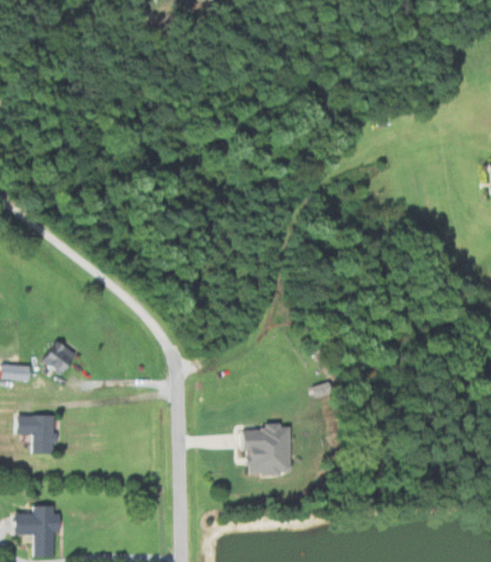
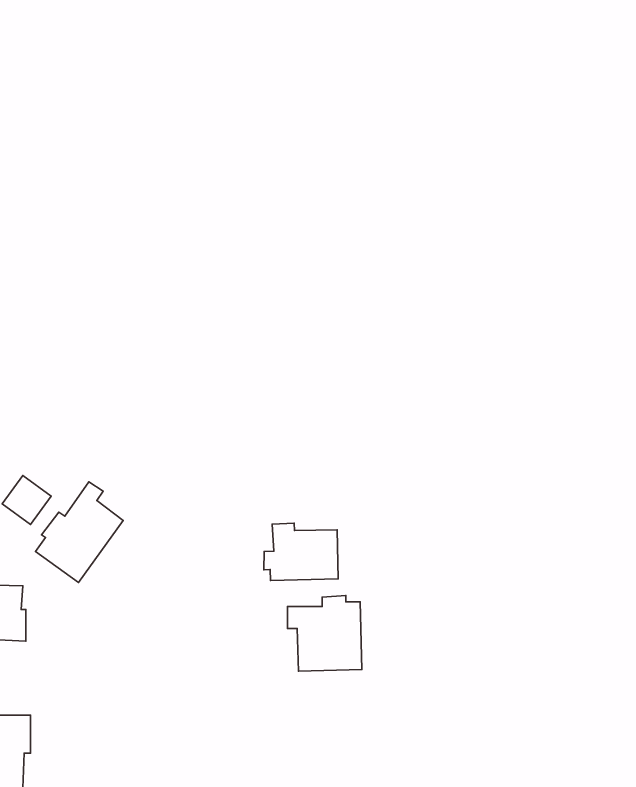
building: none -> [36,482,123,582]
building: none -> [264,523,338,580]

